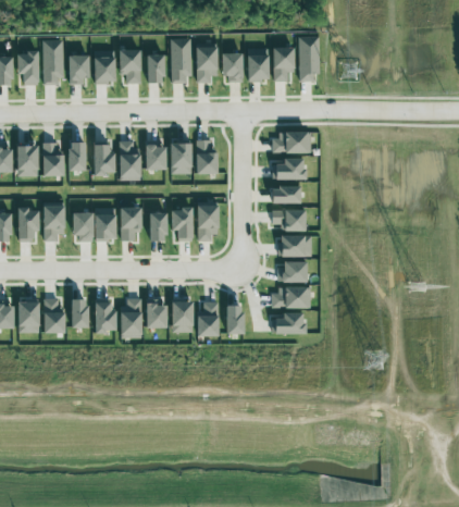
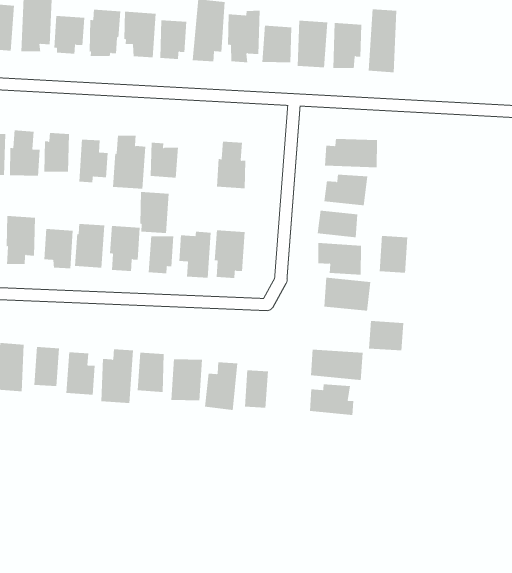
building: [170,144,191,173] -> [139,192,170,233]
building: none -> [379,235,408,274]
building: [282,262,307,283] -> [368,321,404,351]

